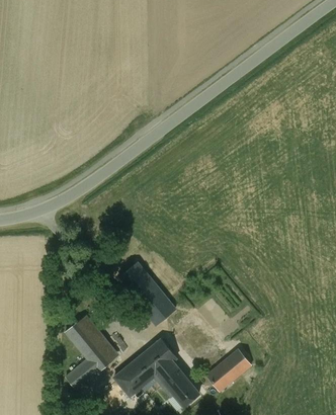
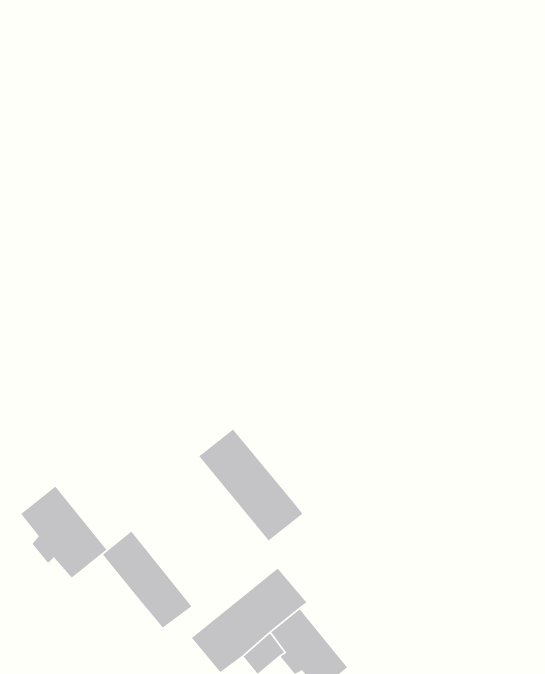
building: none -> [20,485,107,578]
building: [206,348,251,391] -> none
building: [66,358,97,389] -> none

